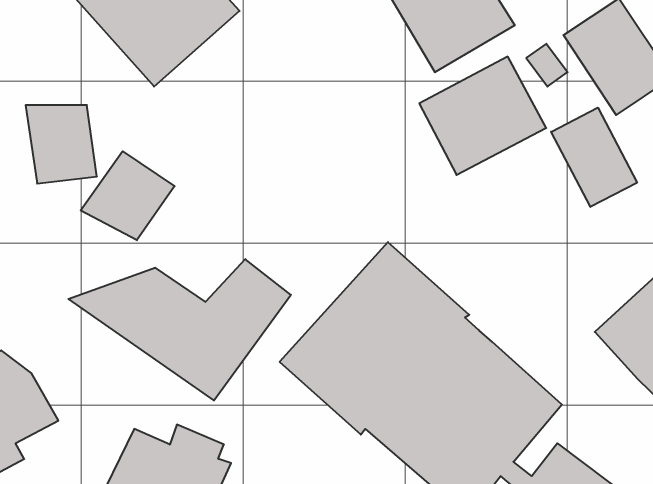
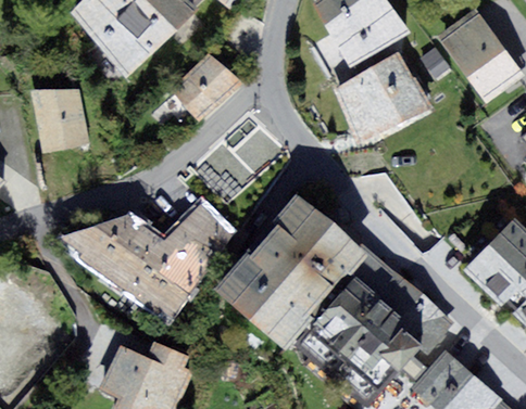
building: none -> [172,55,237,119]
building: [551,108,637,207] -> none
building: [81,151,175,240] -> none

